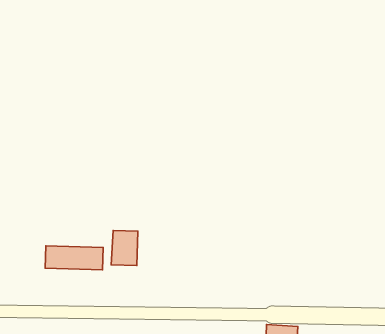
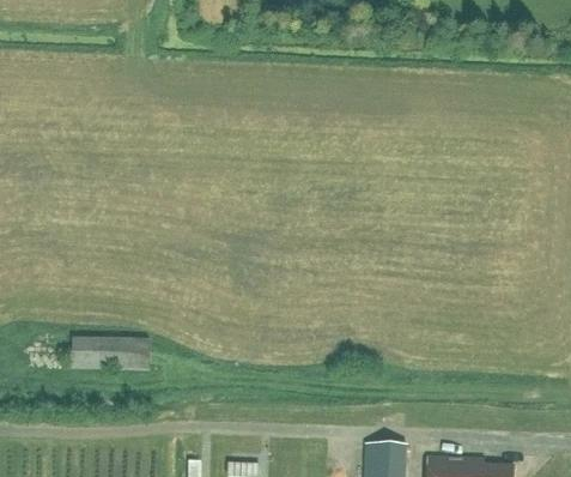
building: [111,231,138,266] -> none

